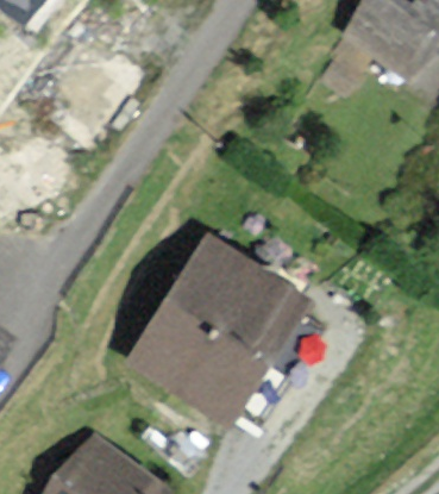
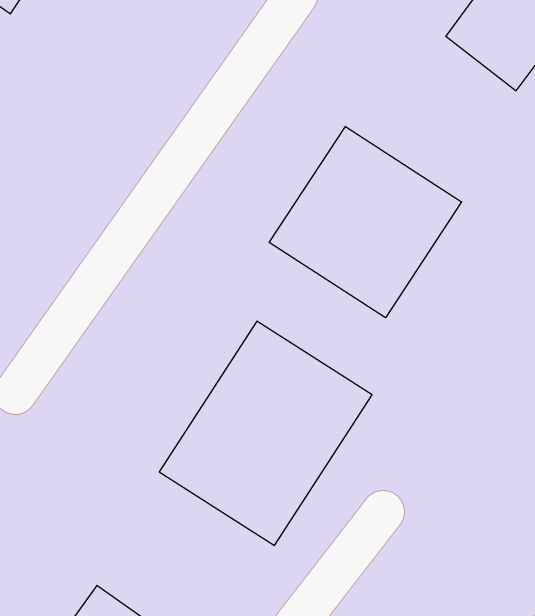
building: none -> [269,126,462,318]

